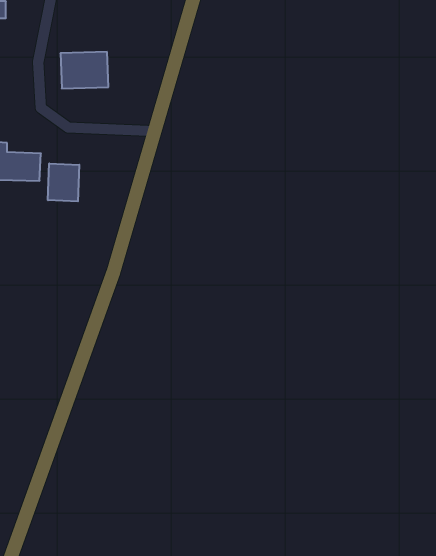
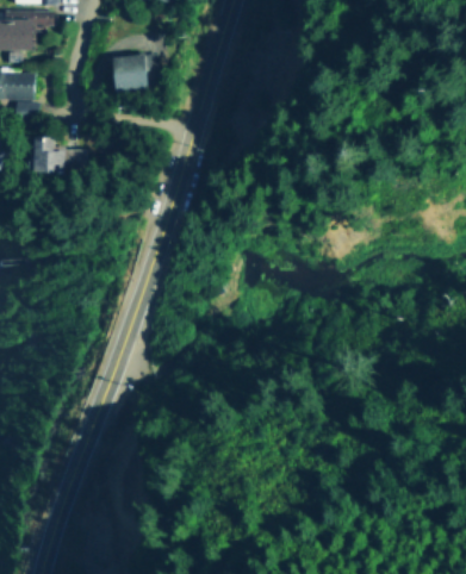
building: [48,163,79,201] -> none

